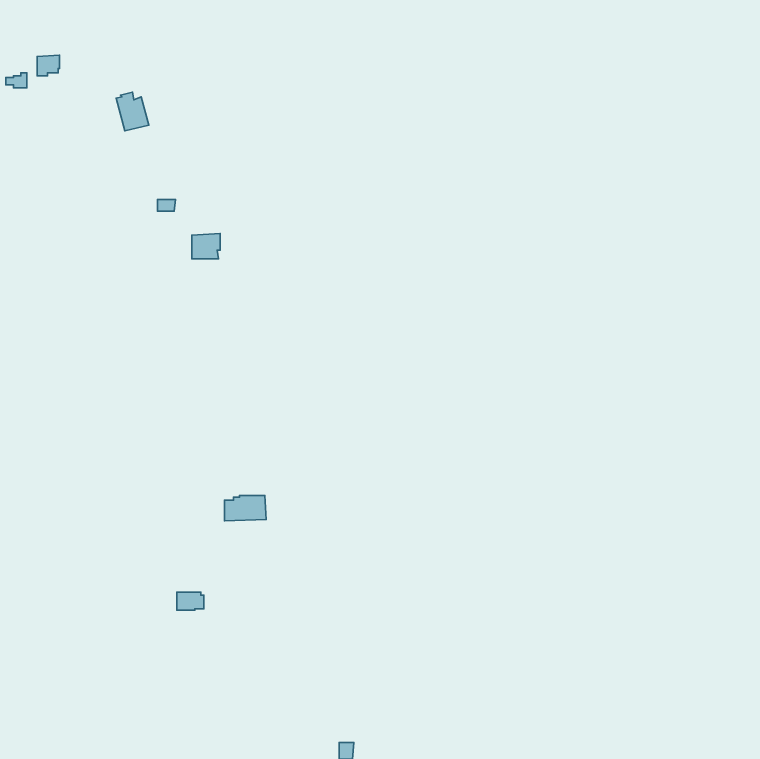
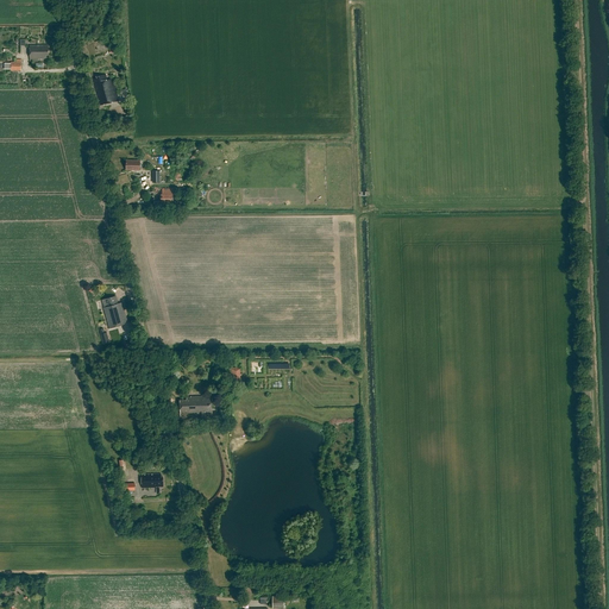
building: none -> [102,296,130,329]

